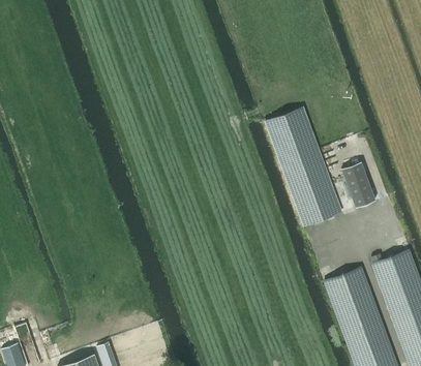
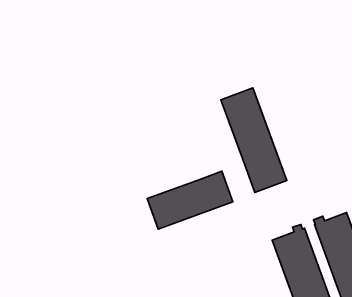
building: [342,160,377,207] -> none
building: none -> [147,171,233,229]

